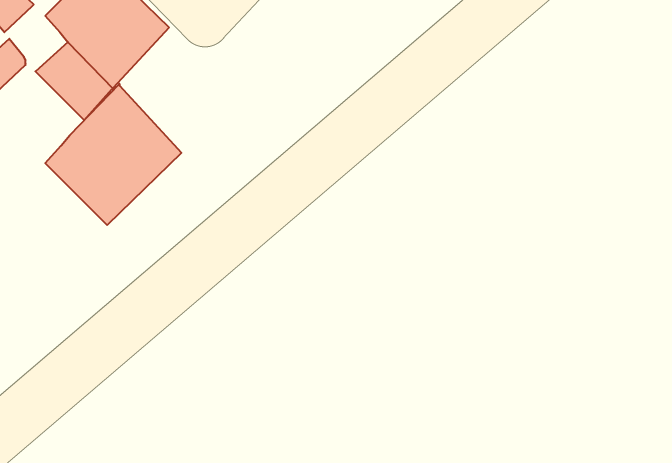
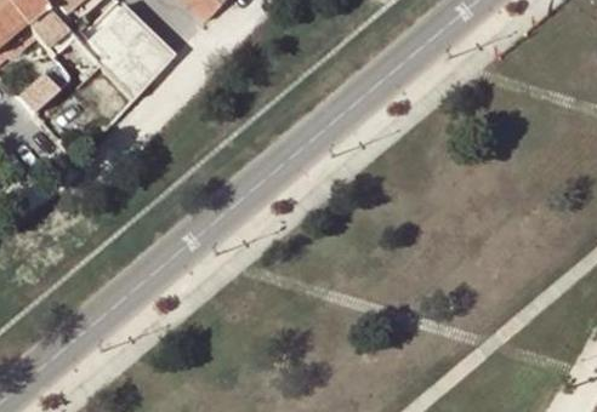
building: [45,84,181,225] -> none

